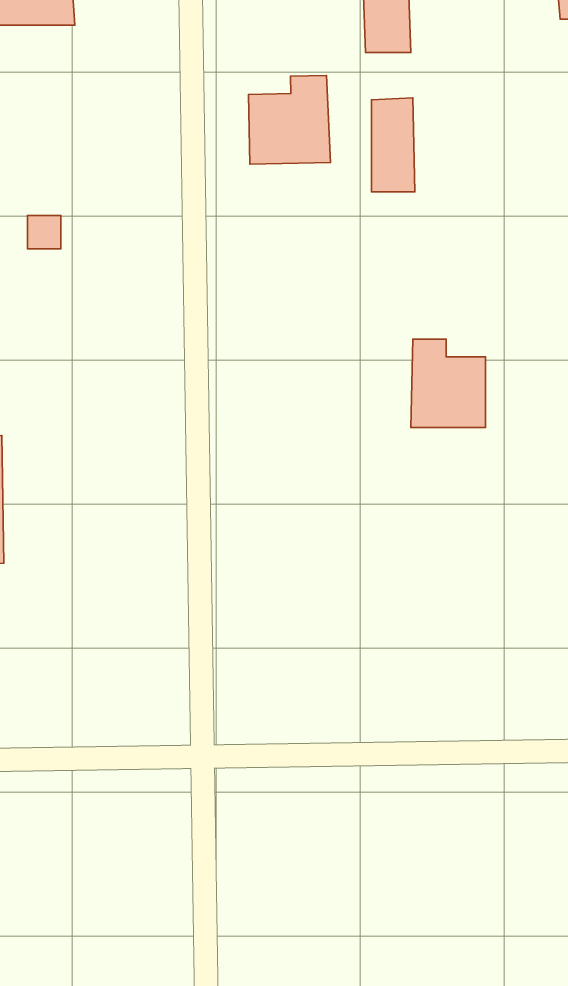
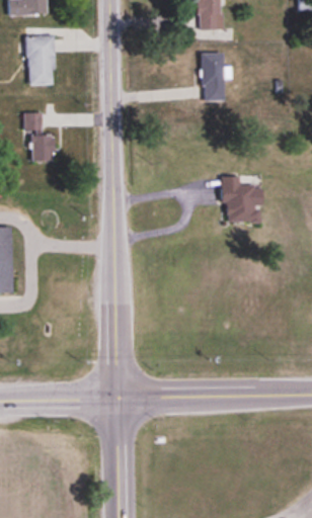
building: none -> [26,34,55,84]
building: [248,75,331,164] -> none
building: none -> [30,135,54,161]

